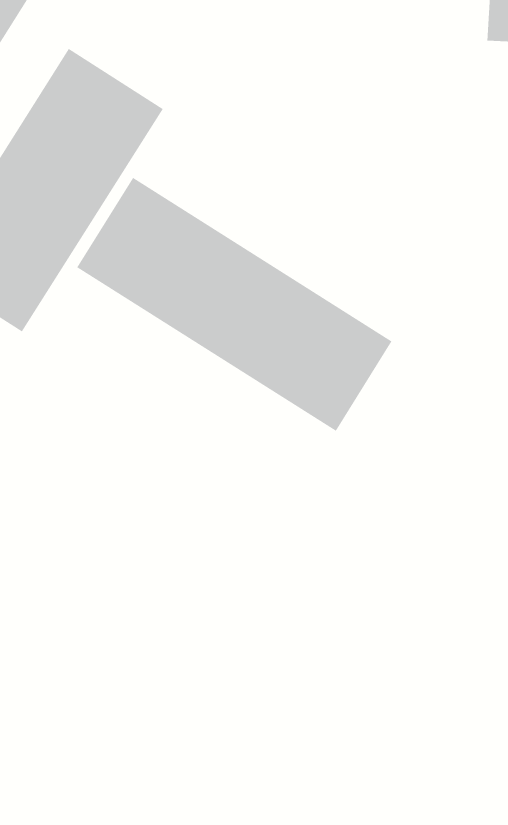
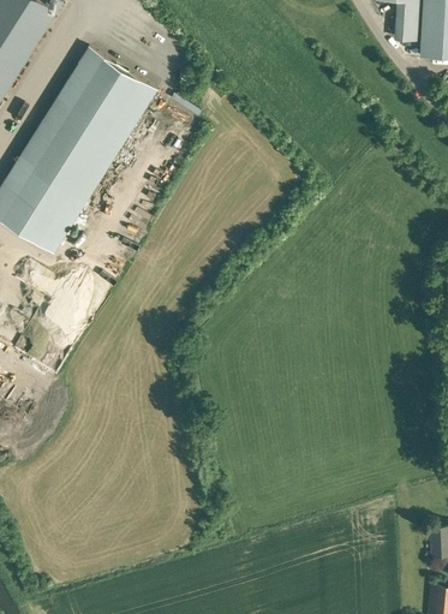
building: [76,177,393,432] -> none

